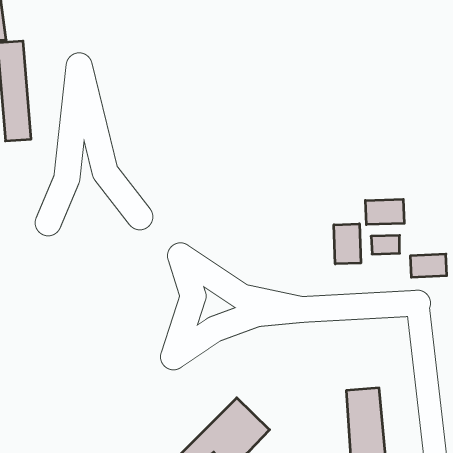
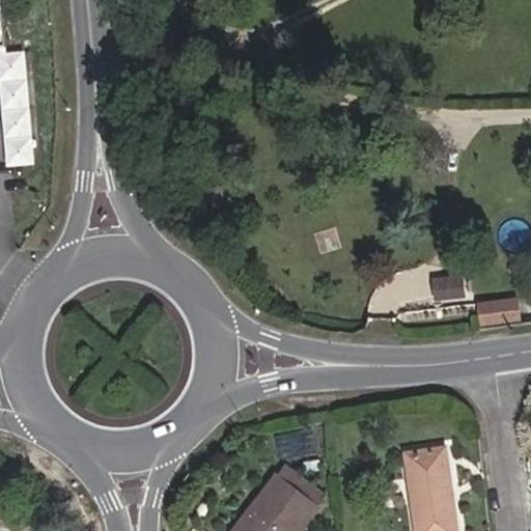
building: [365,199,404,225] -> none
building: [334,224,361,264] -> none

